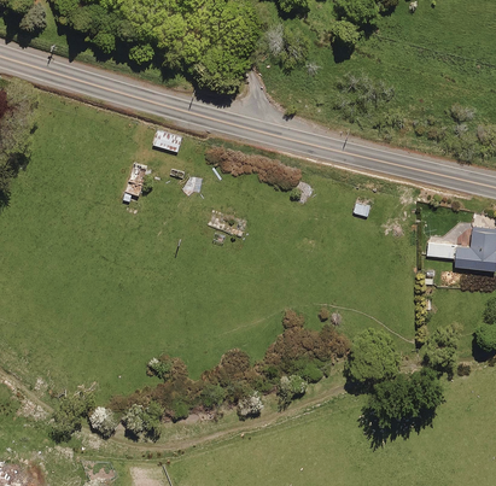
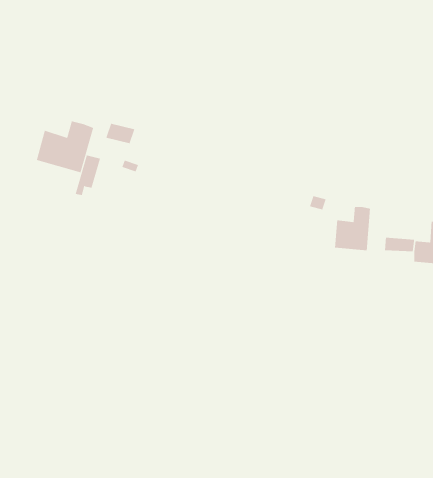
building: none -> [36,120,94,173]
building: none -> [335,206,371,251]

